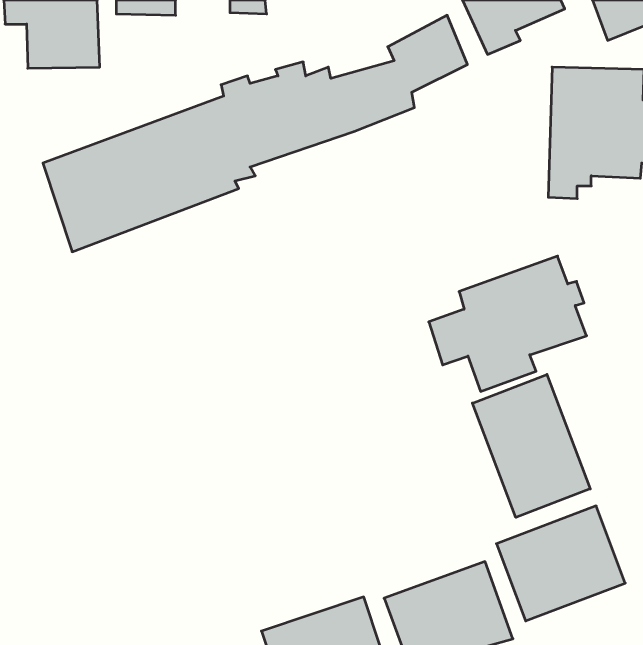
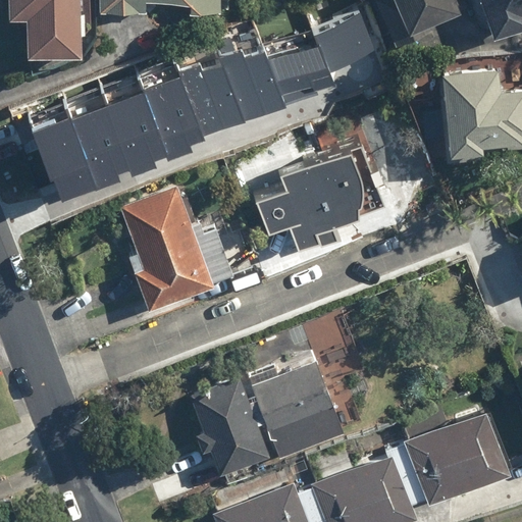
building: none -> [121,188,233,307]
building: [429,256,587,391] -> [253,140,380,249]
building: [472,374,590,517] -> none
building: none -> [186,360,344,469]

